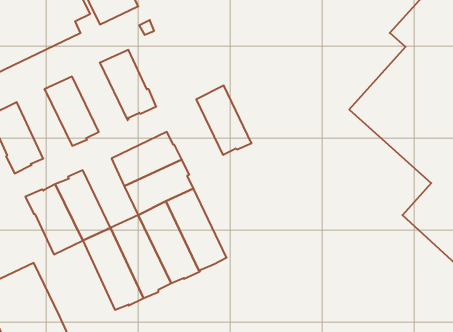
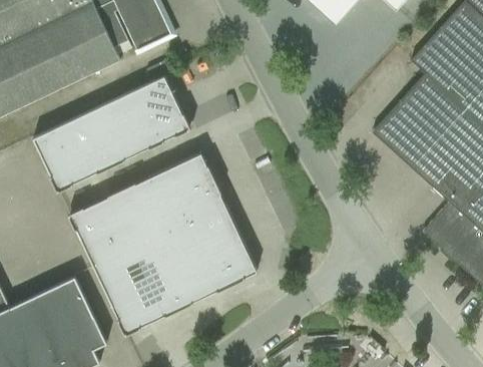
building: [196,86,252,155] -> [111,87,163,152]
building: none -> [59,112,111,177]
building: none -> [121,177,173,243]
building: none -> [94,255,151,335]

